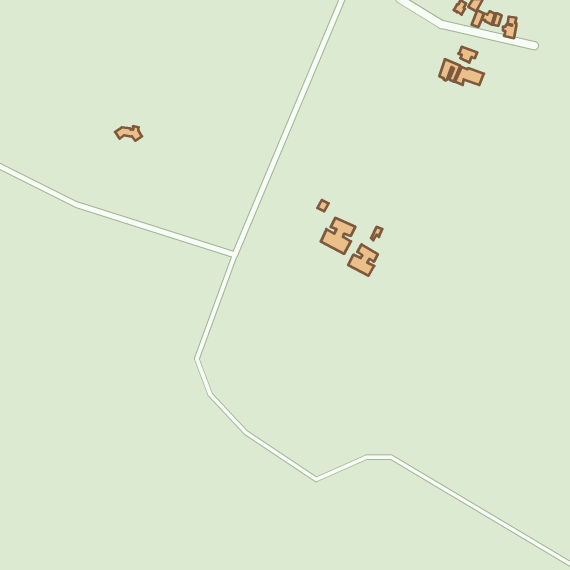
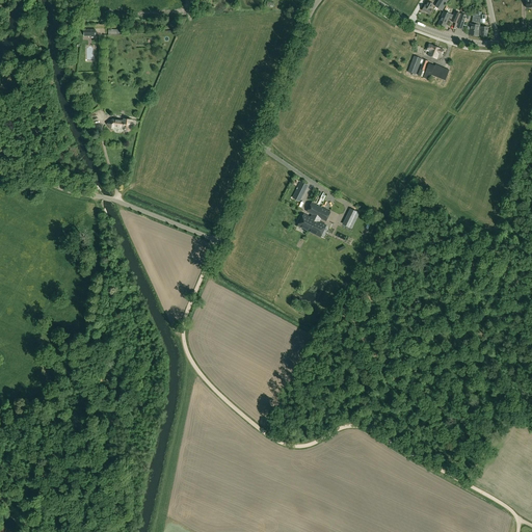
building: [348,244,378,276] -> none

